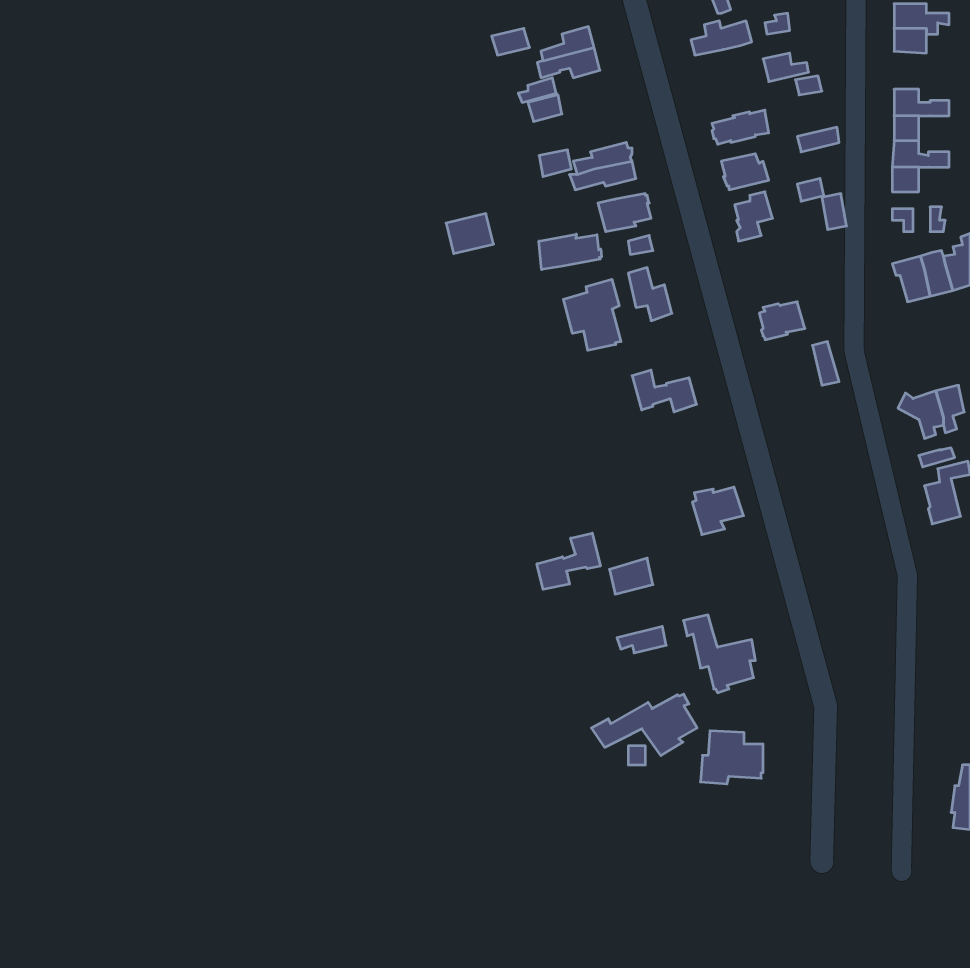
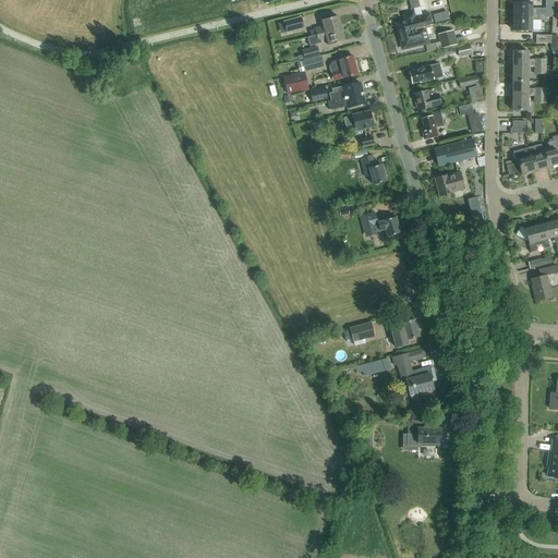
building: none -> [398,26,429,49]
building: none -> [328,54,357,80]
building: [446,214,494,254] -> [282,71,310,94]
building: [539,234,602,270] -> none
building: none -> [434,138,476,165]
building: [563,279,621,350] -> none
building: [692,487,744,535] -> [390,319,420,347]
building: [537,533,600,589] -> none
building: [591,694,697,756] -> none

